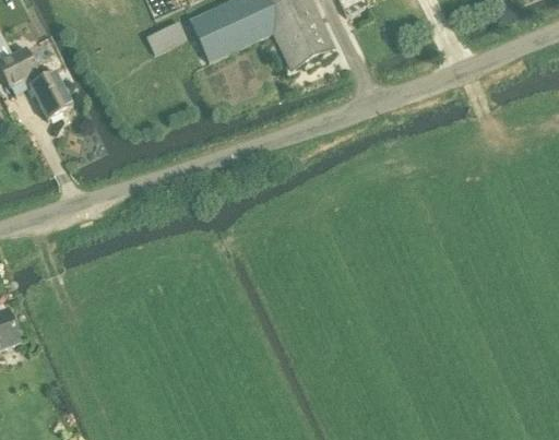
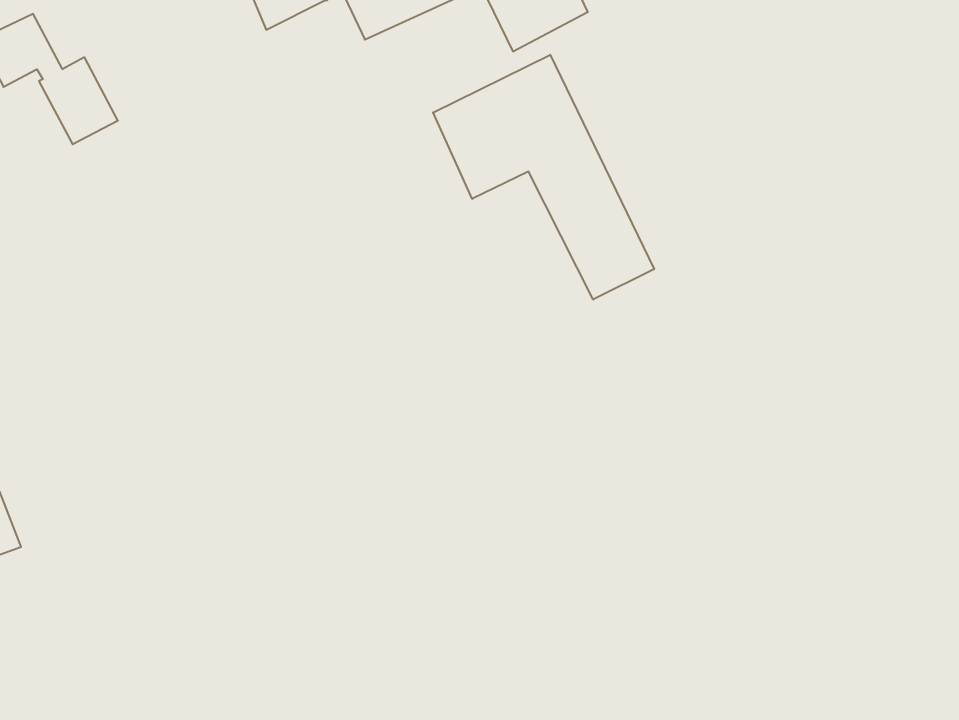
building: none -> [433,55,654,300]

